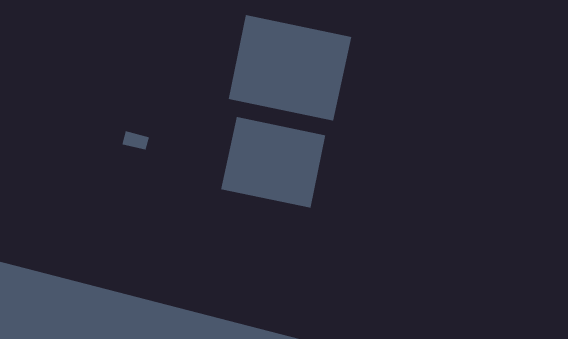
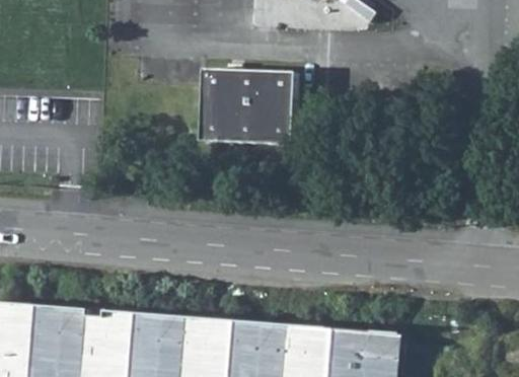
building: [221,116,326,209] -> none

